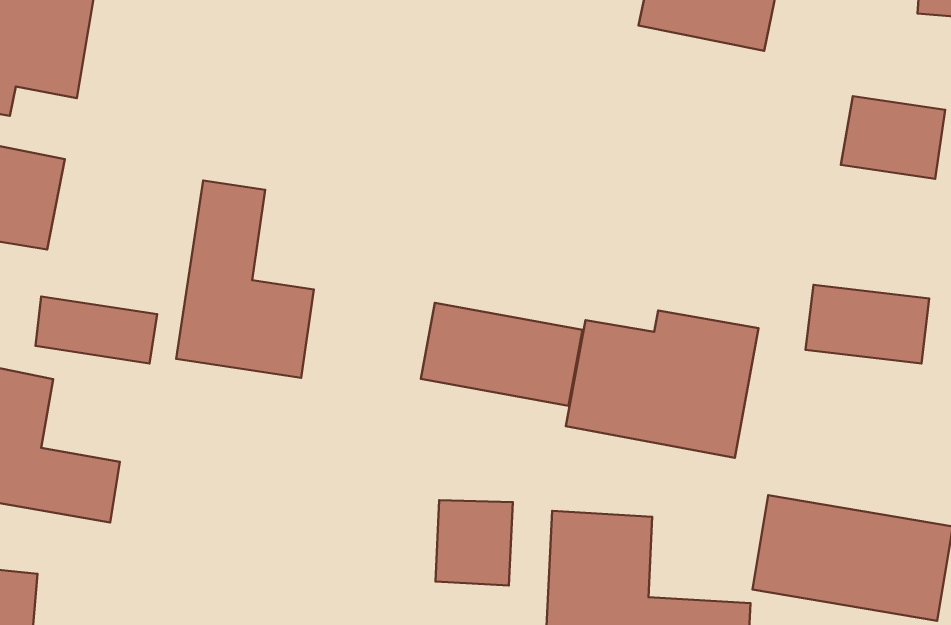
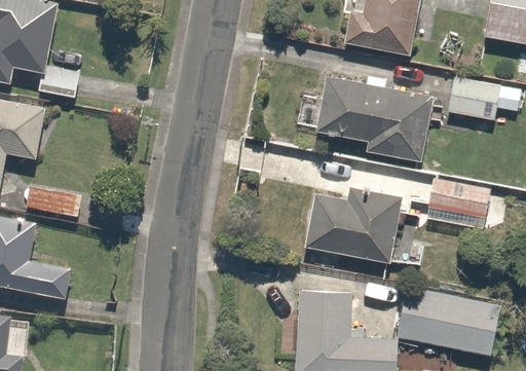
building: none -> [317,75,436,163]
building: [176,181,314,378] -> none
building: [421,303,583,406] -> none
building: [435,500,513,585] -> none

